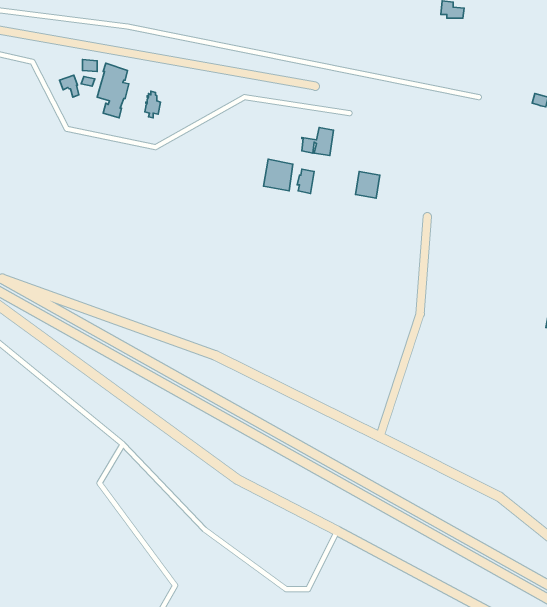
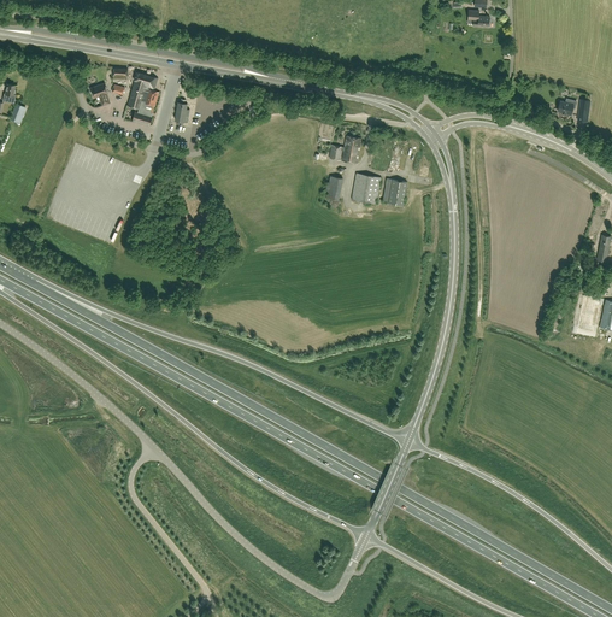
building: [263,159,293,191] -> [352,174,381,205]

